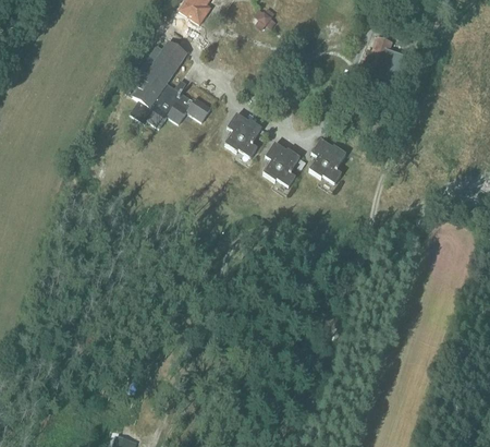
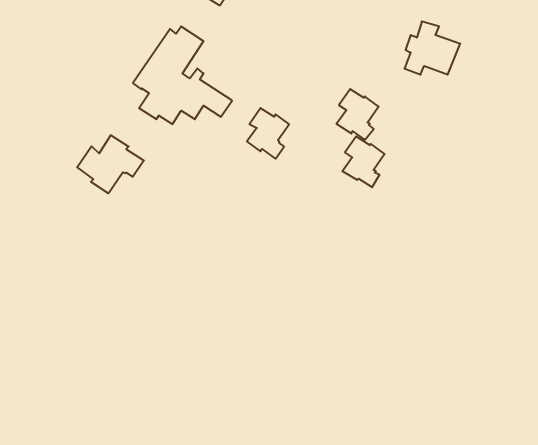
building: none -> [77,135,144,193]
building: [264,141,301,185] -> [336,89,379,140]

